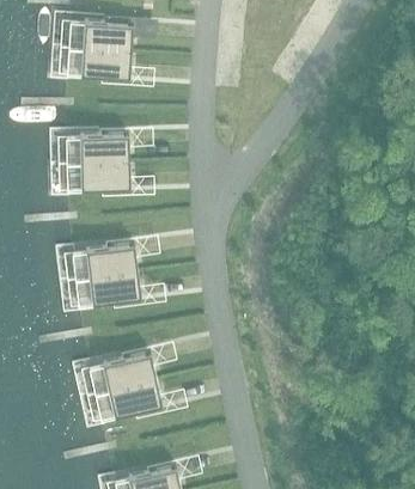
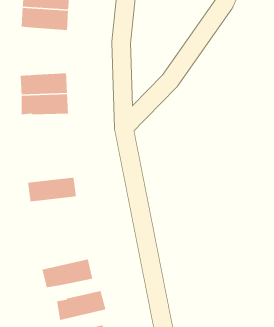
building: [69,244,135,279] -> none
building: [87,353,154,393] -> [56,290,107,321]

